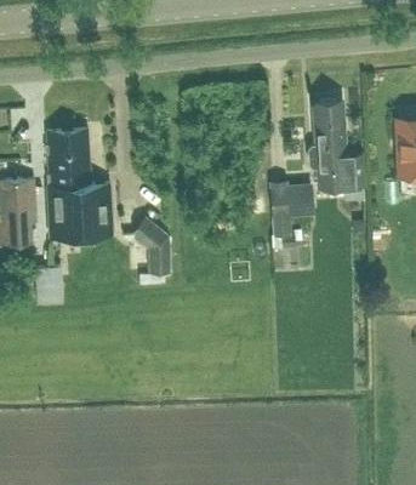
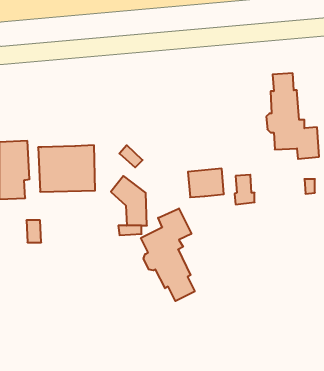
building: [47,130,89,186] -> none
building: [270,186,312,218] -> [188,169,224,197]
building: none -> [141,208,195,301]

